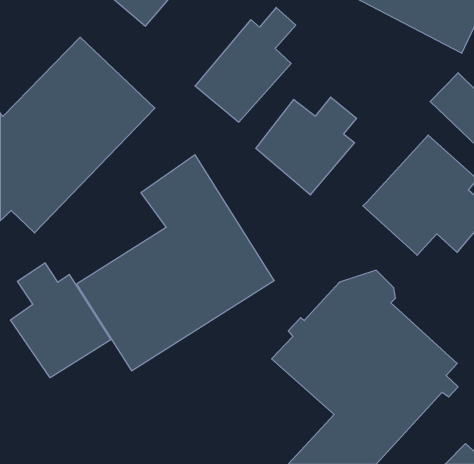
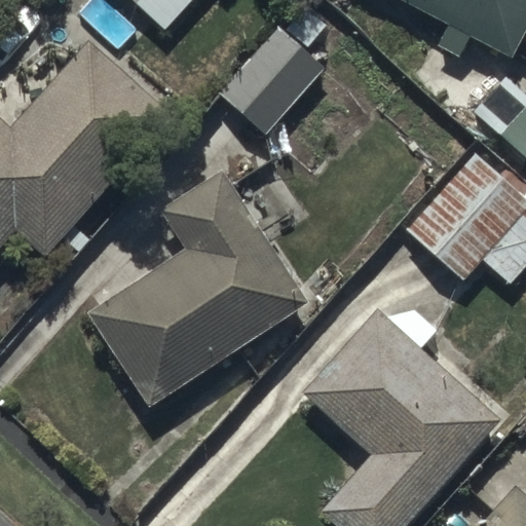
building: [256,97,357,195] -> none
building: [11,263,111,378] -> none

